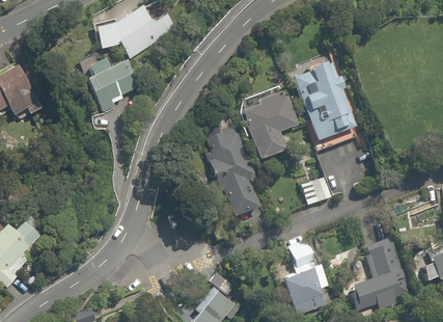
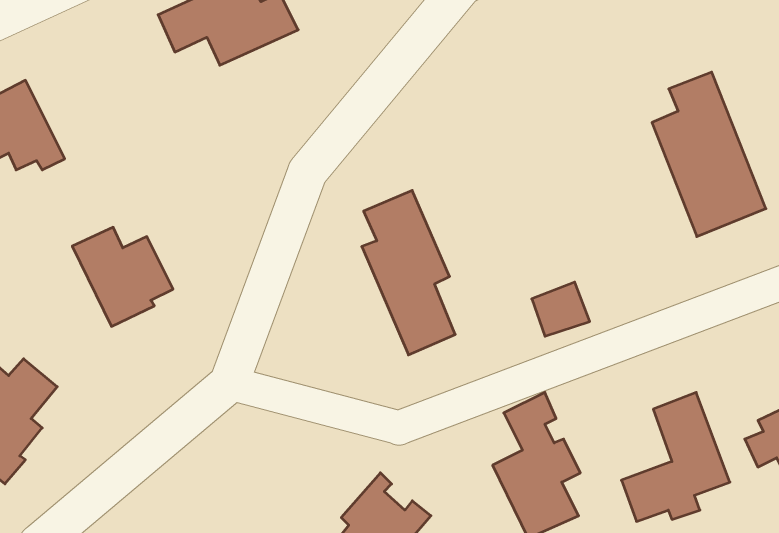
building: [81,54,137,109] -> [72,227,173,326]
building: [297,59,360,151] -> [652,72,766,237]
building: [245,90,297,158] -> none

